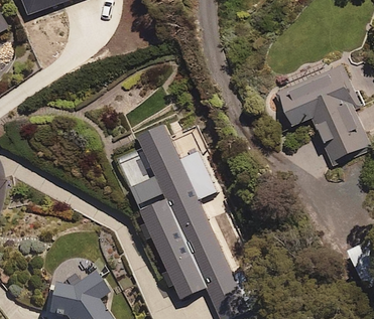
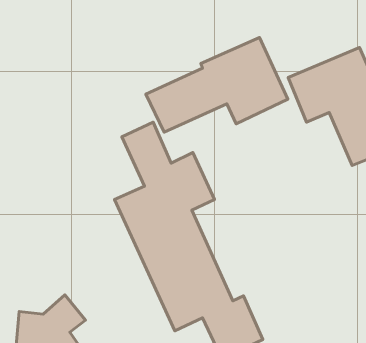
building: none -> [146,37,288,132]

